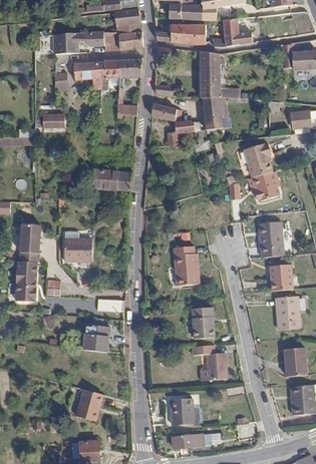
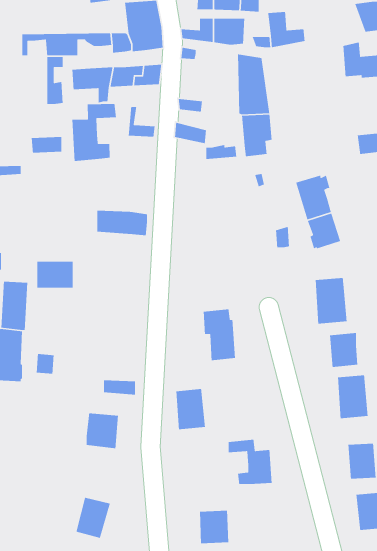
building: none -> [71,103,117,162]
building: [64,240,92,261] -> [37,261,73,288]
building: [192,307,215,339] -> [176,388,206,430]

